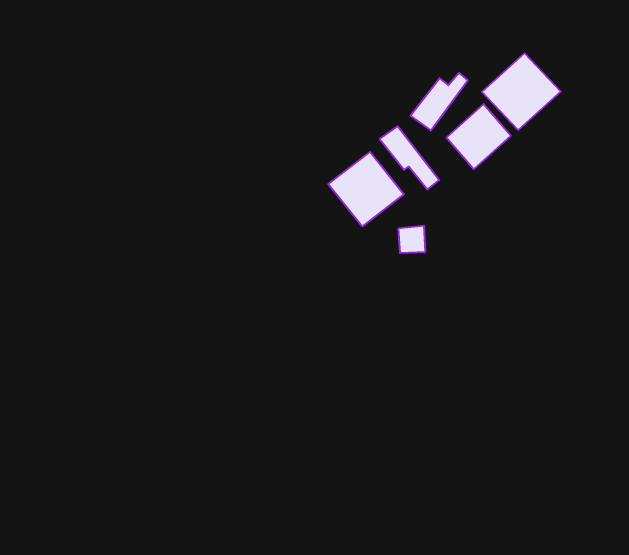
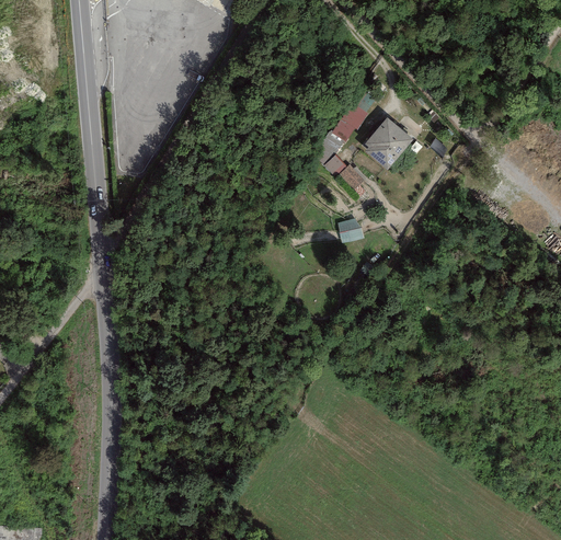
building: [482,53,561,130] -> none
building: [328,152,404,226] -> none

